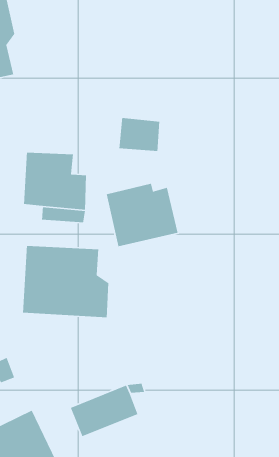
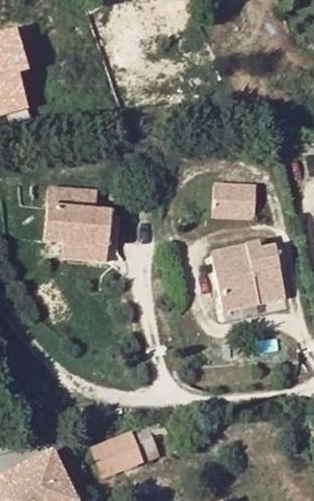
building: [118,117,160,152] -> [213,182,256,217]
building: [106,183,178,247] -> [211,243,285,309]
building: [22,245,109,318] -> none

